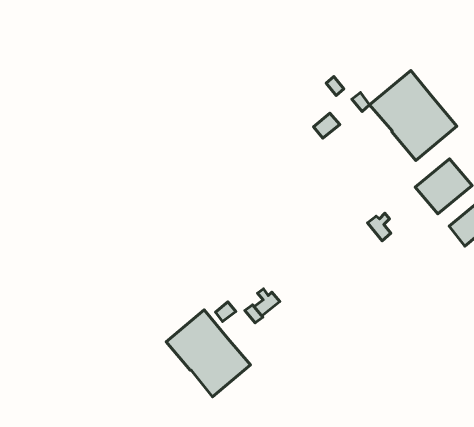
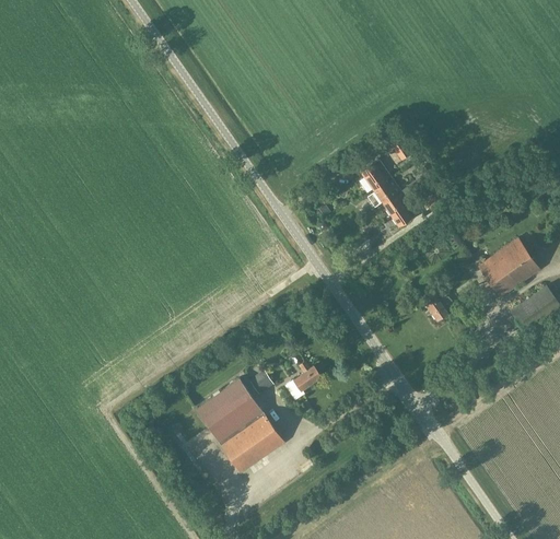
building: [370,70,457,161] -> none
building: none -> [360,160,393,192]
building: none -> [383,188,412,227]

